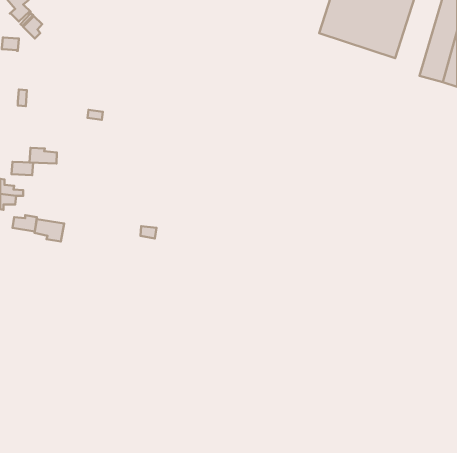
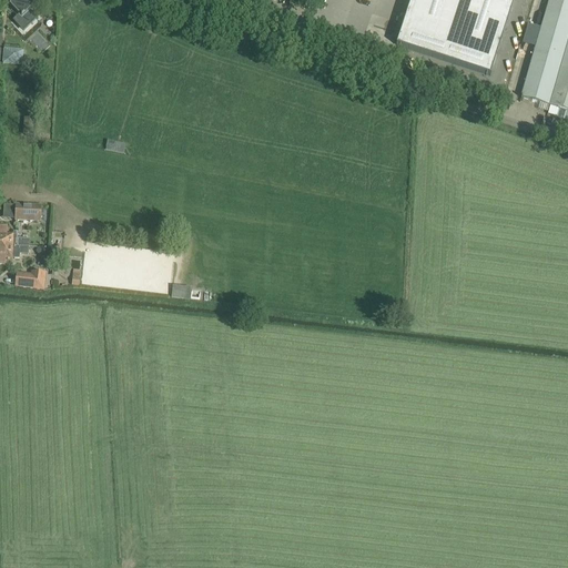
building: [29,148,57,164] -> none
building: [35,219,64,242] -> none

